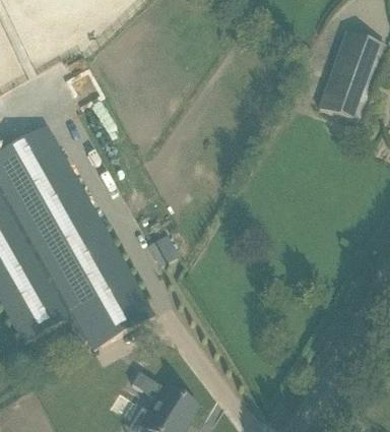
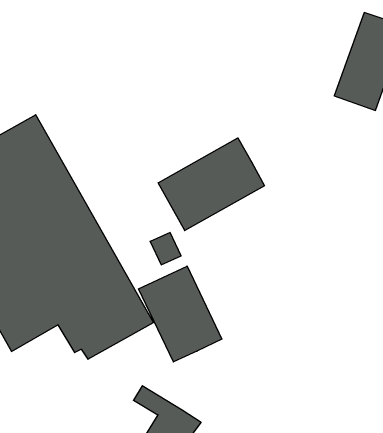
building: none -> [158,138,264,231]
building: none -> [139,266,222,362]

